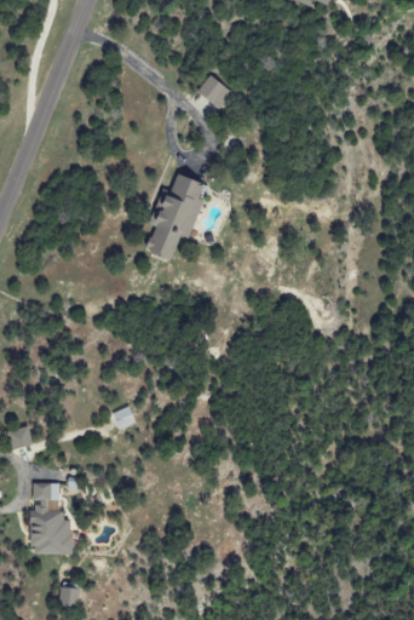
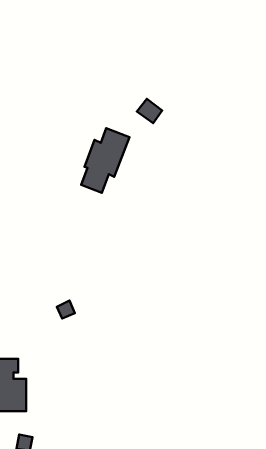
building: [195,75,229,108] -> [137,99,162,123]

